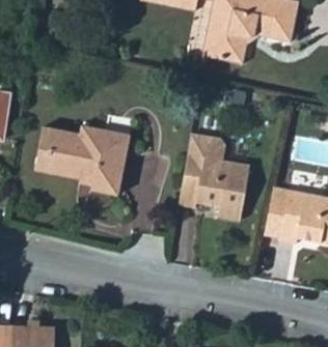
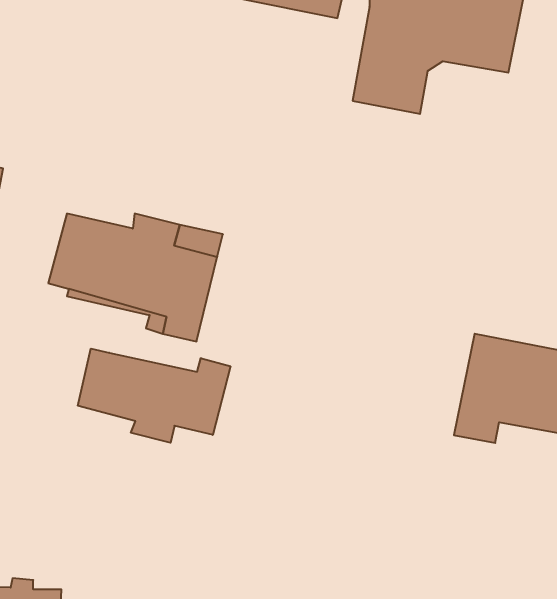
building: [180,132,253,224] -> none
building: none -> [78,349,230,443]

